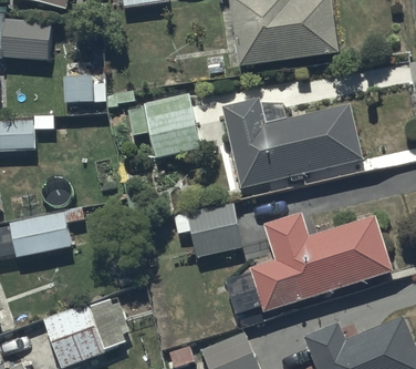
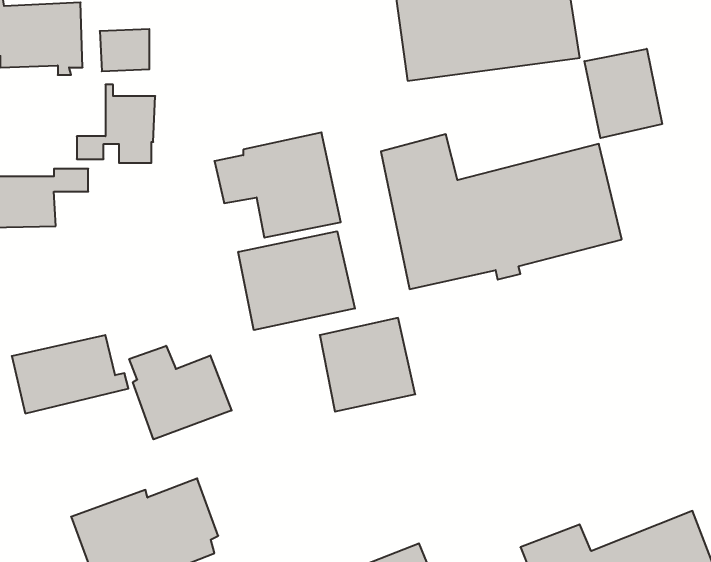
building: none -> [584,49,662,138]
building: none -> [238,231,355,330]
building: [250,212,391,310] -> none
building: none -> [129,346,232,439]

